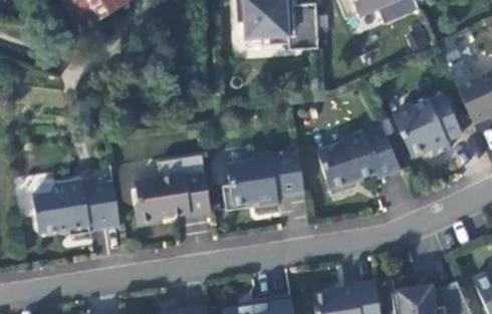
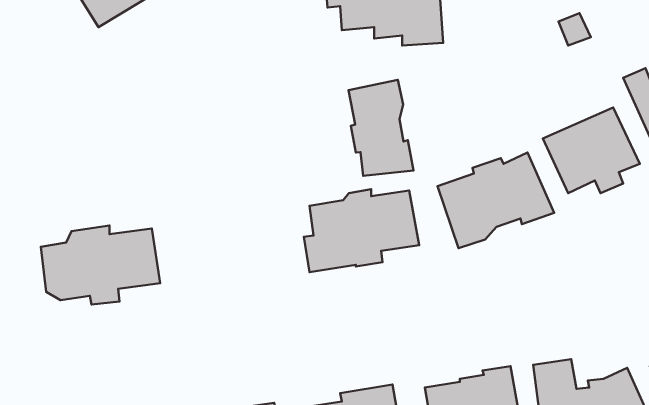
building: none -> [348,80,414,176]
building: [138,155,214,227] -> none

